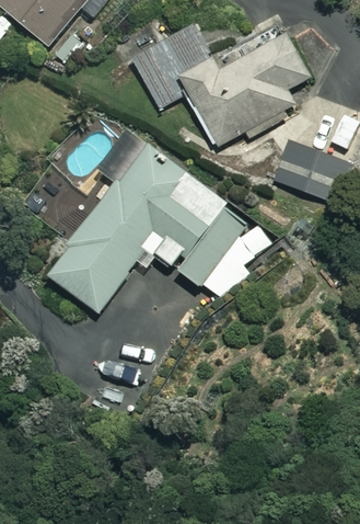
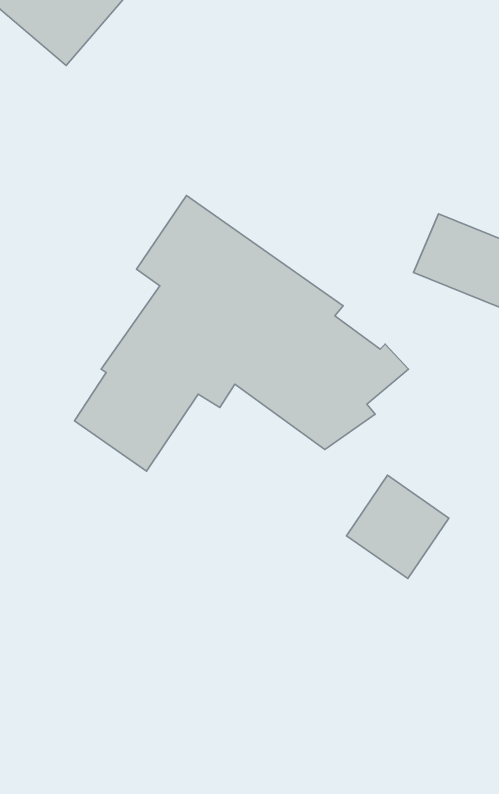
building: [132,24,310,147] -> none
building: none -> [347,475,449,579]

